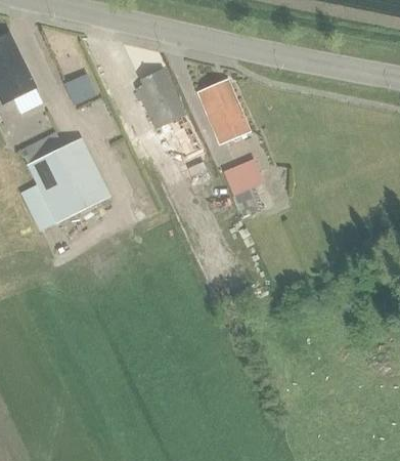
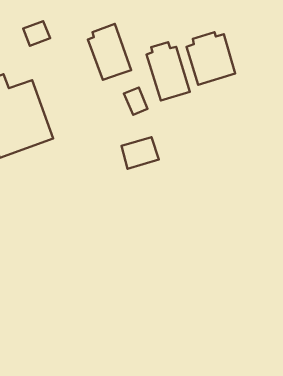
building: none -> [186,32,235,85]
building: [223,159,264,195] -> [121,137,159,169]

